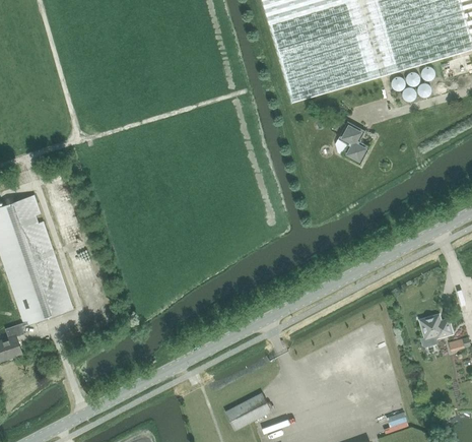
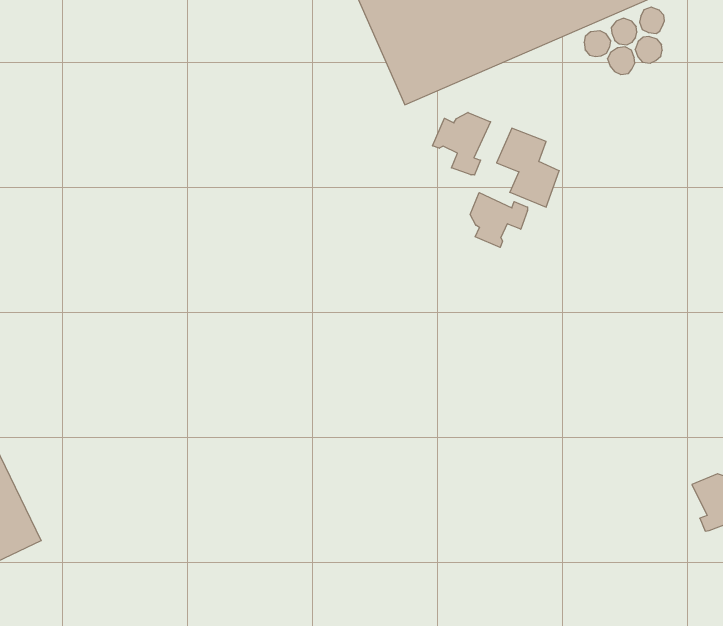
building: none -> [433,112,491,175]
building: none -> [470,193,528,247]

